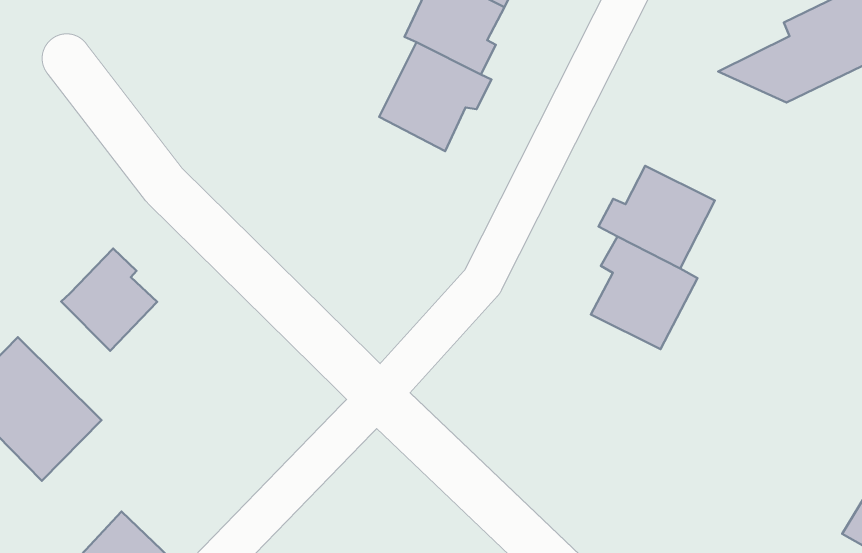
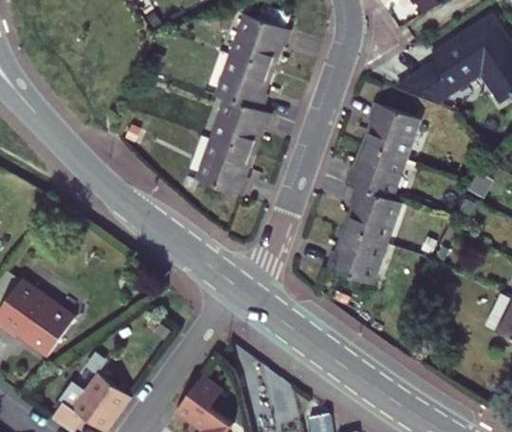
building: none -> [360,102,415,159]
building: none -> [199,137,251,190]
building: [61,248,157,351] -> none
building: none -> [320,229,381,284]

